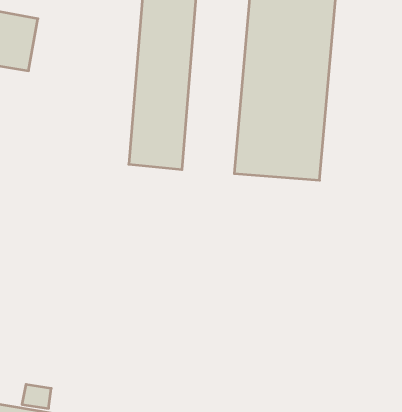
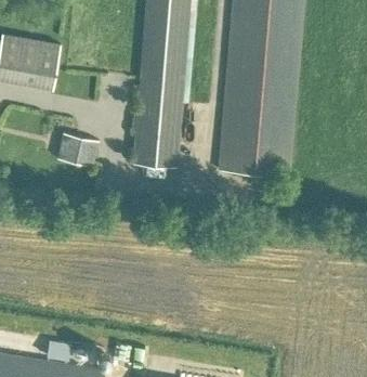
building: none -> [57,132,97,166]

